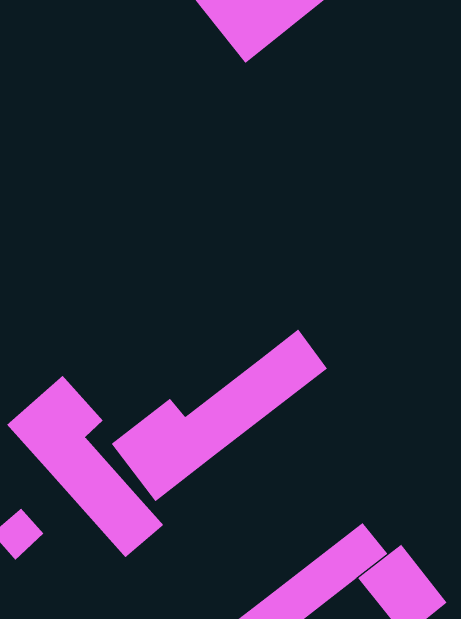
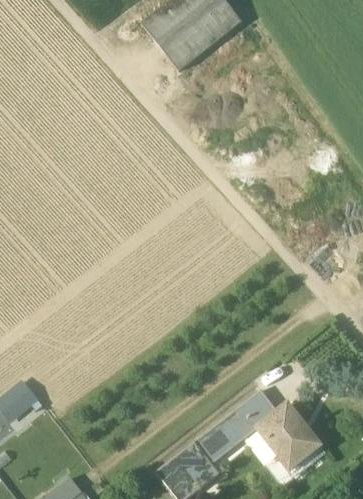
building: [111,329,328,502] -> none
building: [6,375,164,558] -> none

